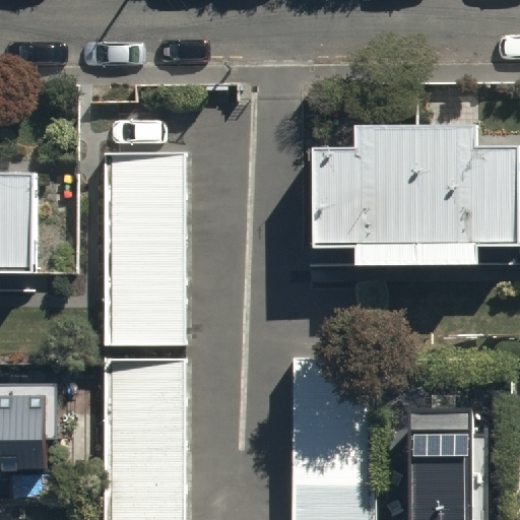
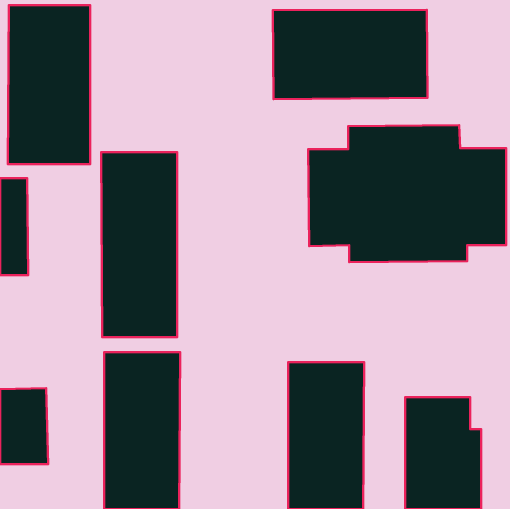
building: none -> [8,5,90,164]
building: none -> [273,10,427,99]

